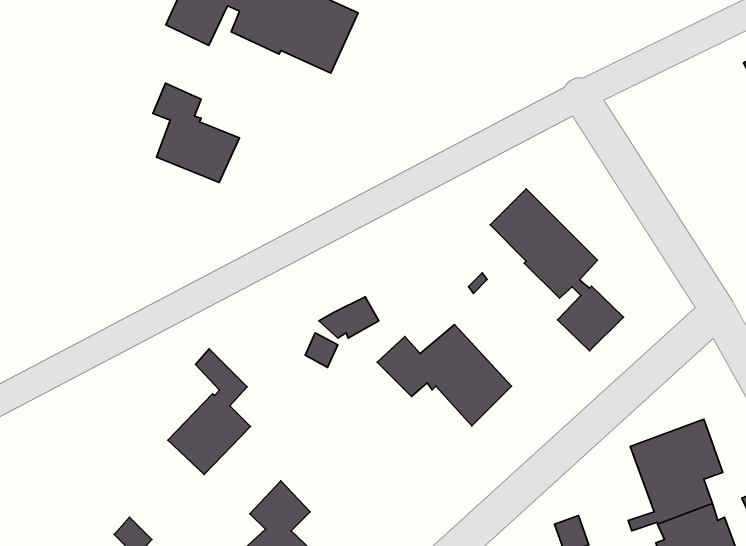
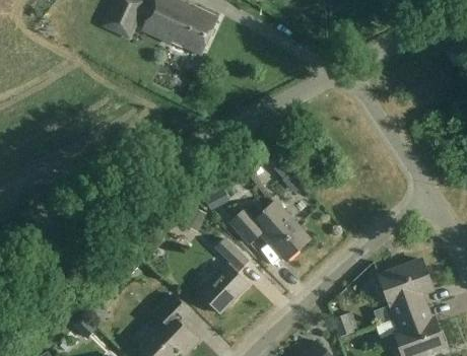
building: [153,83,239,182] -> none
building: [490,189,623,351] -> none
building: [168,349,250,475] -> [199,240,248,314]

